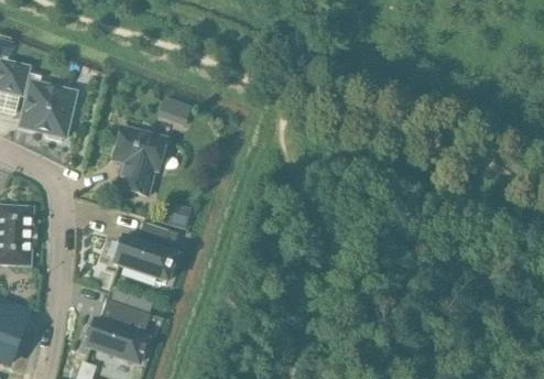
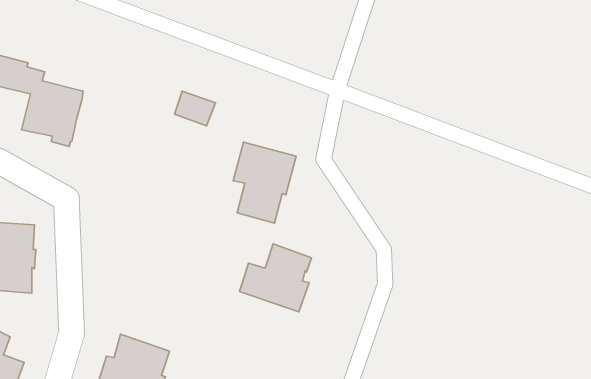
building: [112,126,166,195] -> [233,142,296,223]
building: [113,221,175,280] -> [240,244,312,312]

